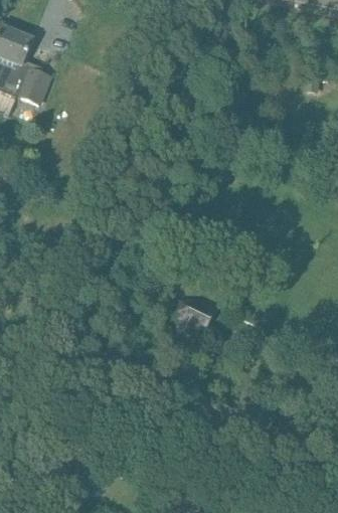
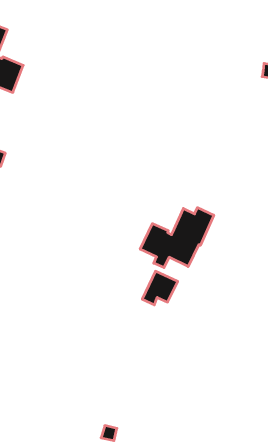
building: none -> [140,208,214,268]

